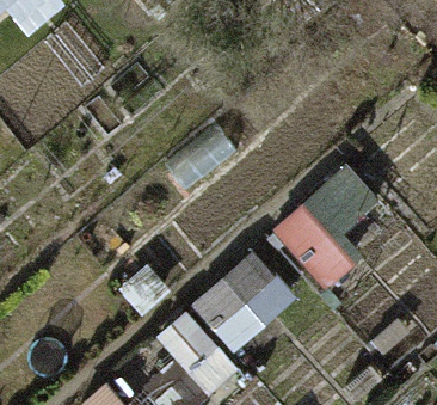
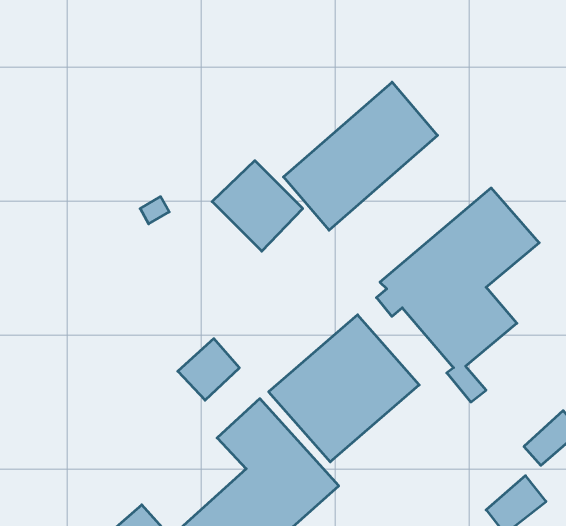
building: none -> [283,82,438,230]

